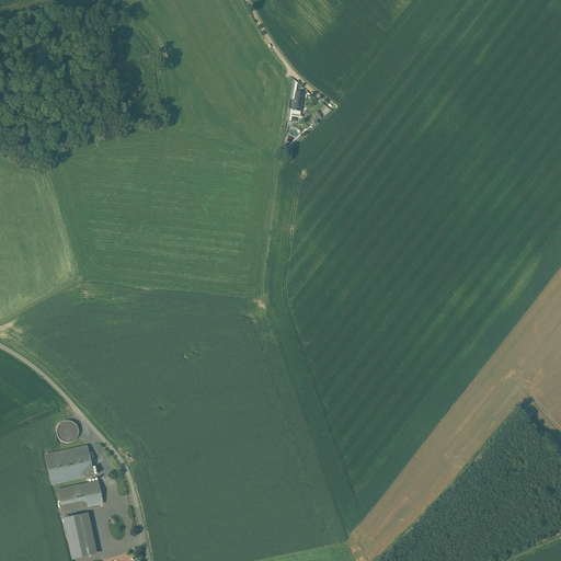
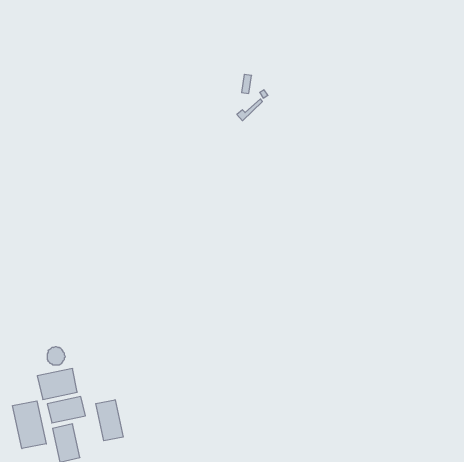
building: none -> [96,400,123,441]
building: none -> [13,401,46,449]

